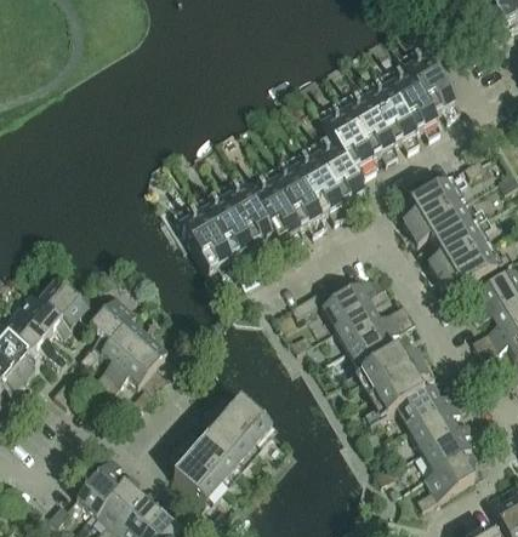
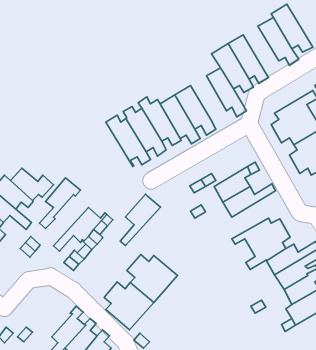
building: [364,82,420,149] -> none
building: [291,152,348,221] -> none
building: [347,312,416,378] -> none
building: [93,316,149,388] -> [120,194,160,246]
building: [78,456,127,514] -> none

